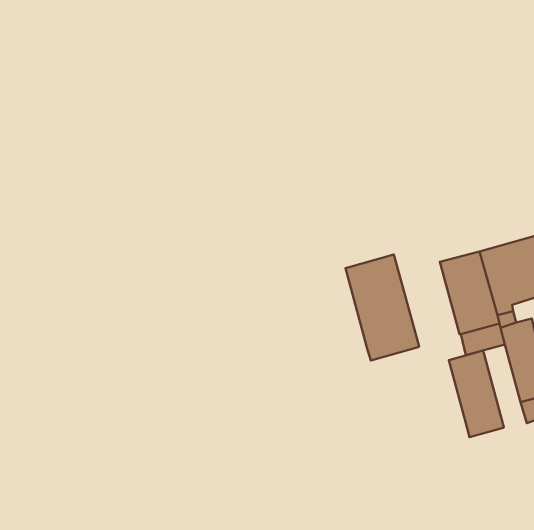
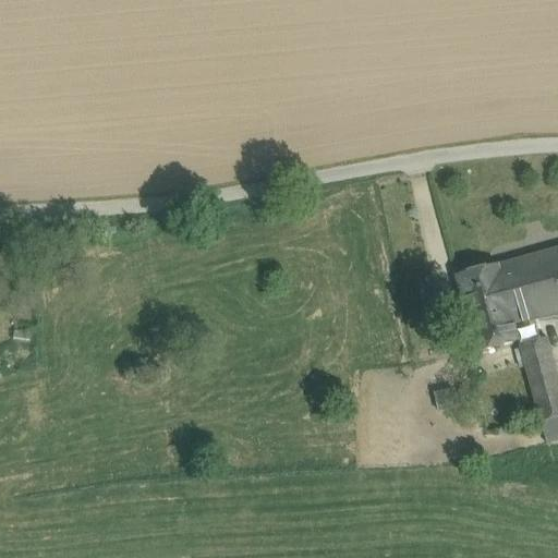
building: [345,254,419,361] -> none
building: [449,350,504,437] -> none

